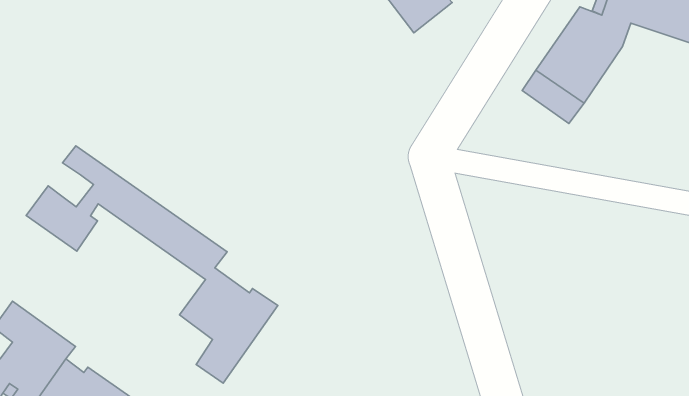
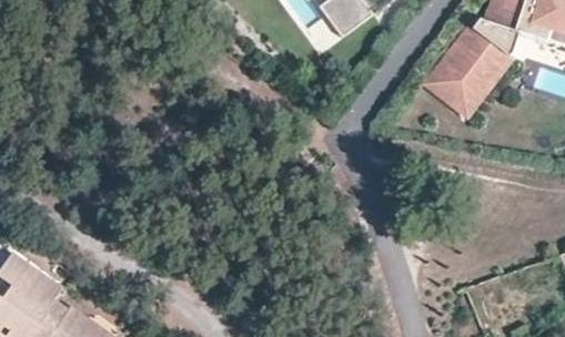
building: [26,146,278,383] -> none

